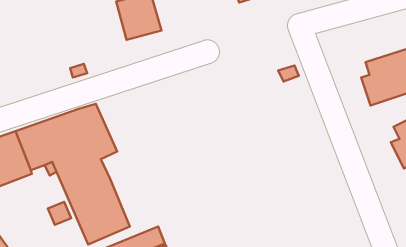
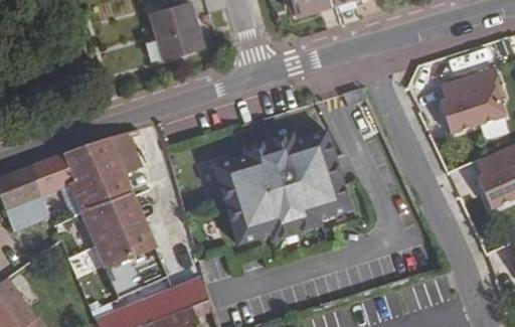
building: none -> [214,130,351,243]

